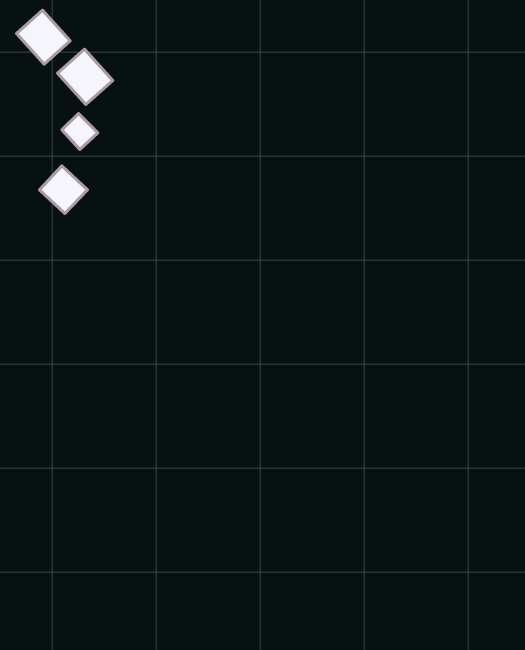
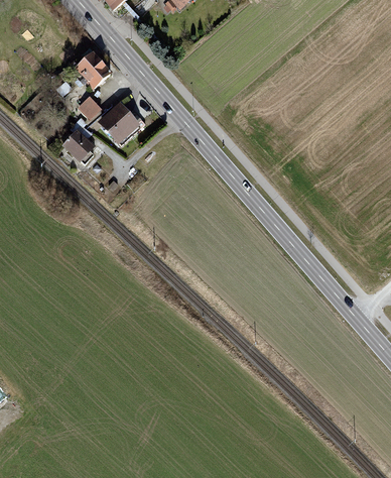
building: [17,10,70,64] -> none
building: none -> [98,101,140,143]

